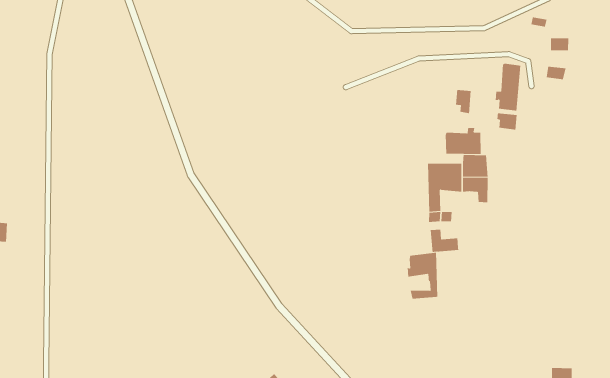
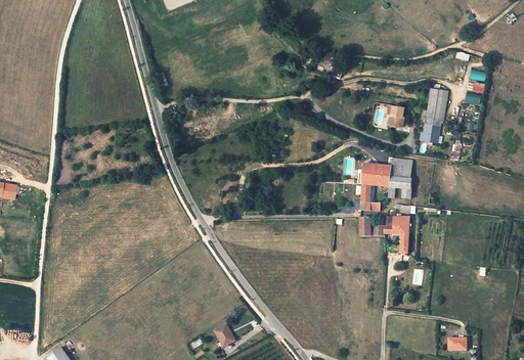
building: [445,127,481,155] -> none
building: [407,252,438,299] -> [383,216,408,253]

